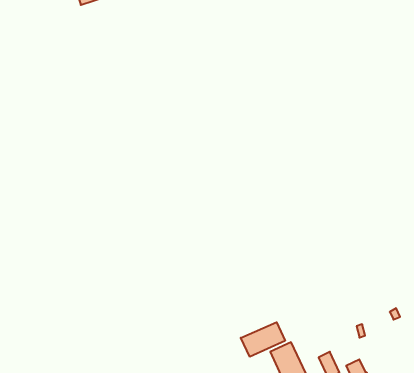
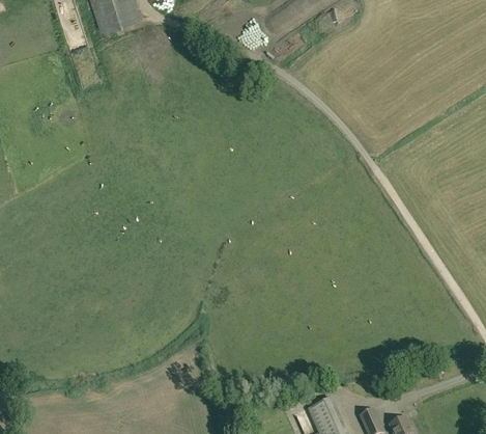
building: [241,322,285,357] -> none

